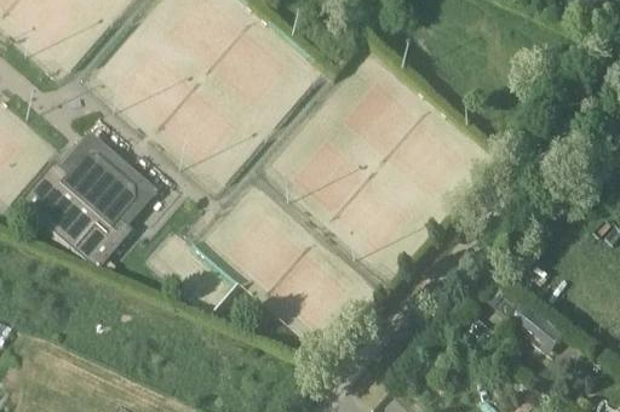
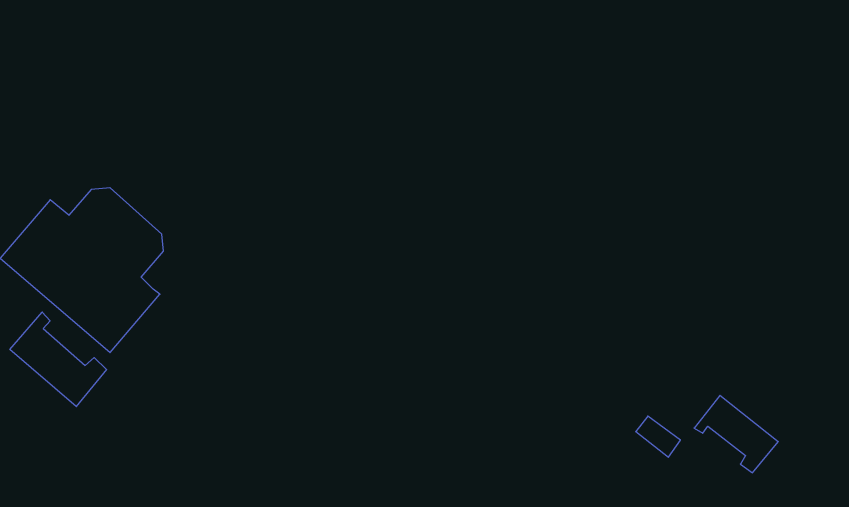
building: none -> [10,312,107,407]

